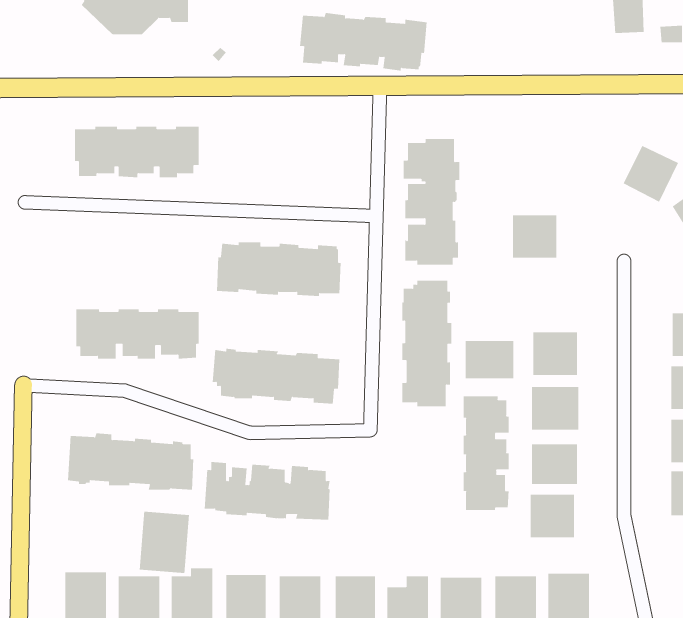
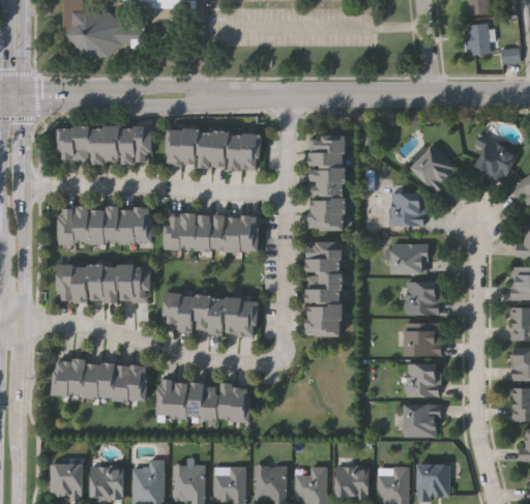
building: [299,12,428,71] -> [167,125,264,170]
building: none -> [411,144,459,191]
building: none -> [58,205,152,243]
building: [465,341,514,379] -> [389,243,426,272]
building: [463,396,509,511] -> none
building: [139,511,189,574] -> none

